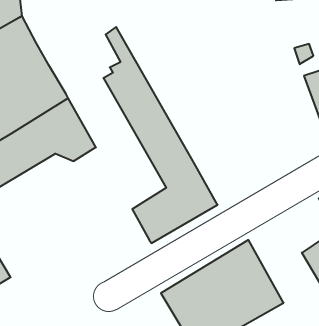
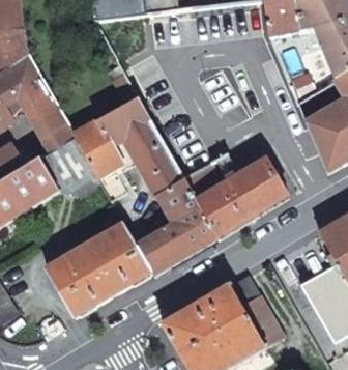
building: none -> [72,119,128,198]
building: none -> [195,158,287,237]
building: none -> [47,224,151,316]

